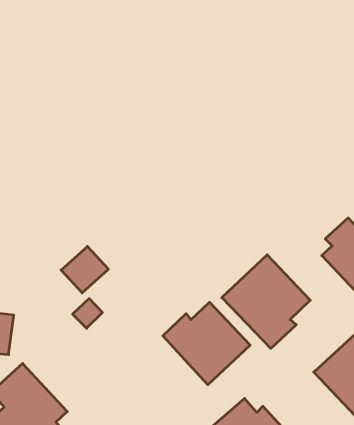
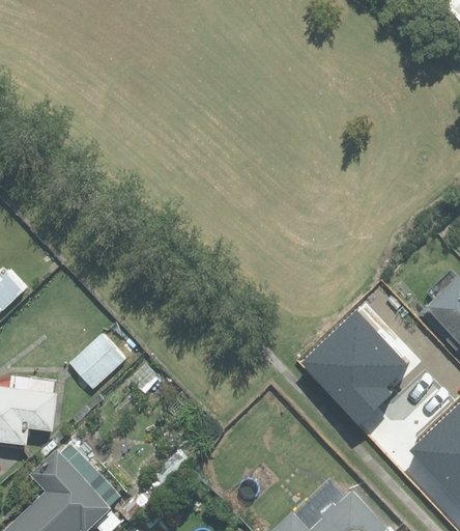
building: [61,246,108,293] -> [68,337,124,392]
building: [163,302,250,385] -> none

